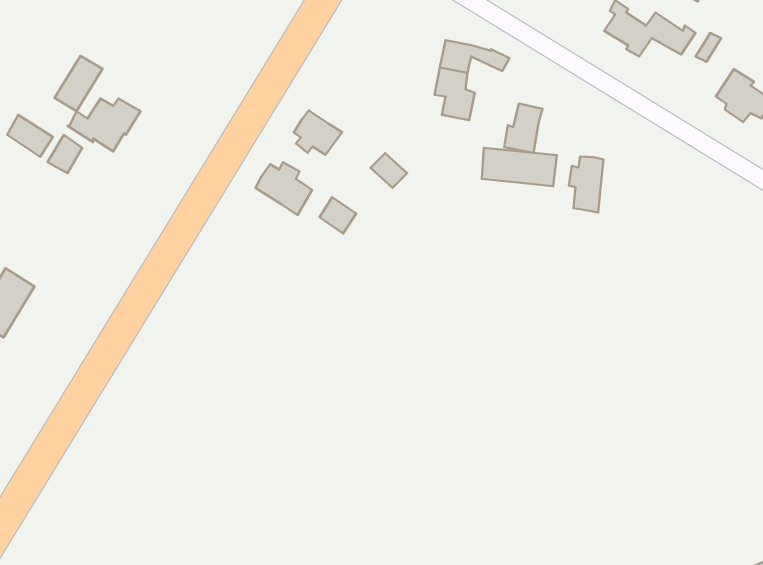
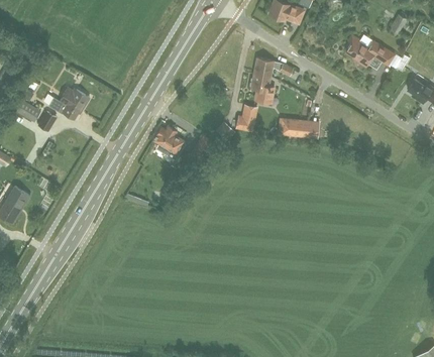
building: [54,56,103,111] -> none
building: [504,103,542,153] -> [236,103,257,130]
building: [294,110,342,155] -> none
building: [569,156,604,212] -> none

